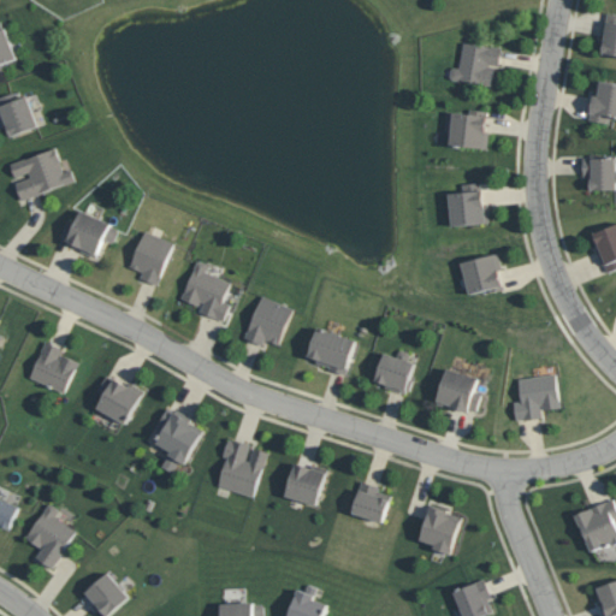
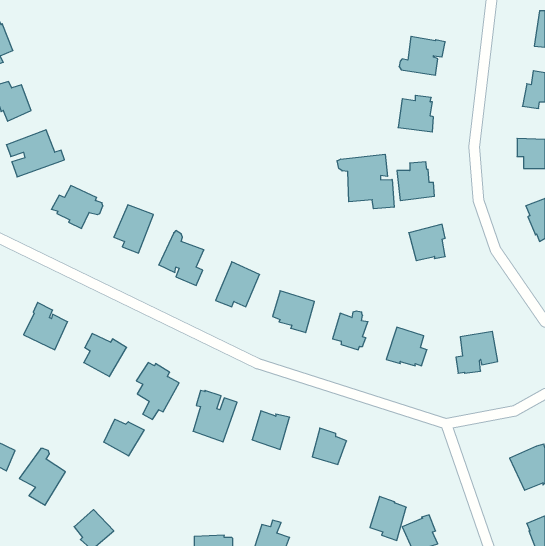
building: none -> [337,154,394,209]
building: none -> [104,419,144,456]
building: [417,507,458,556] -> [370,496,406,540]

